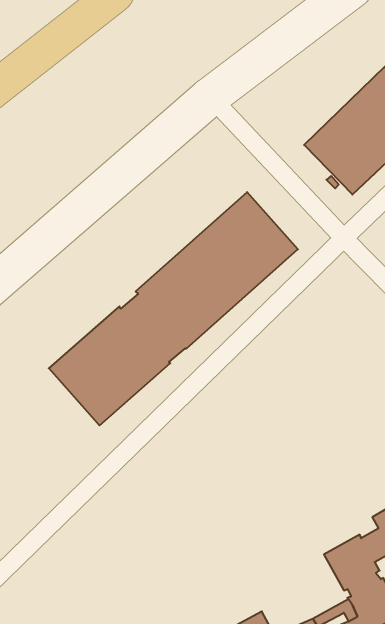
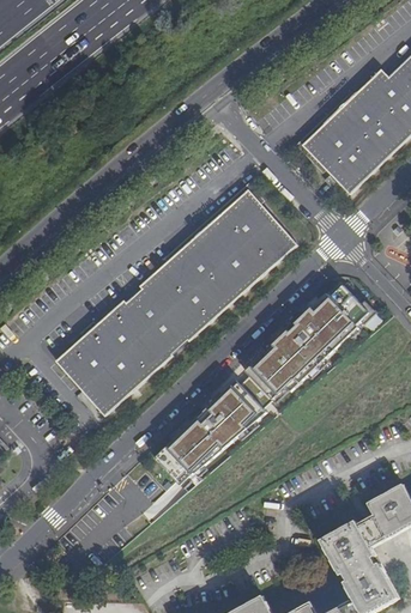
building: none -> [155,283,370,491]

